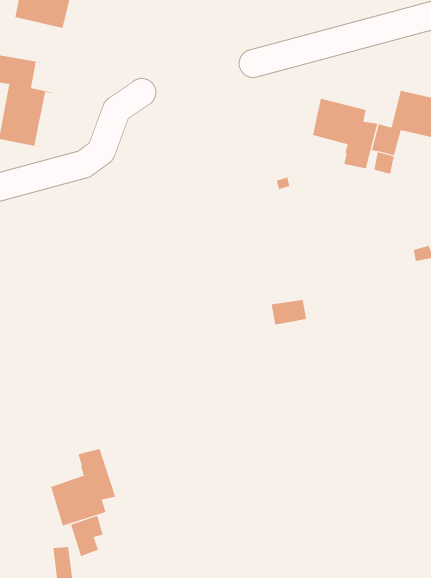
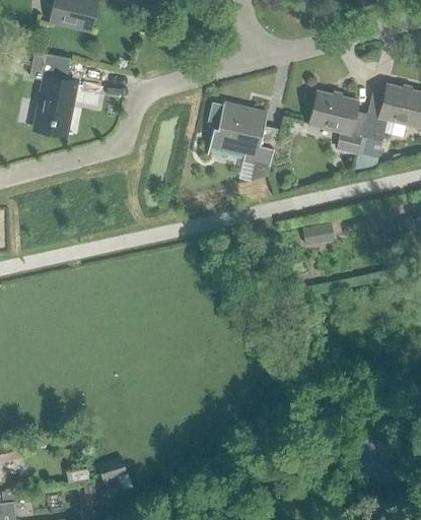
building: none -> [209,103,279,181]
building: [271,300,307,325] -> [303,224,335,247]
building: [51,448,116,527] -> none

